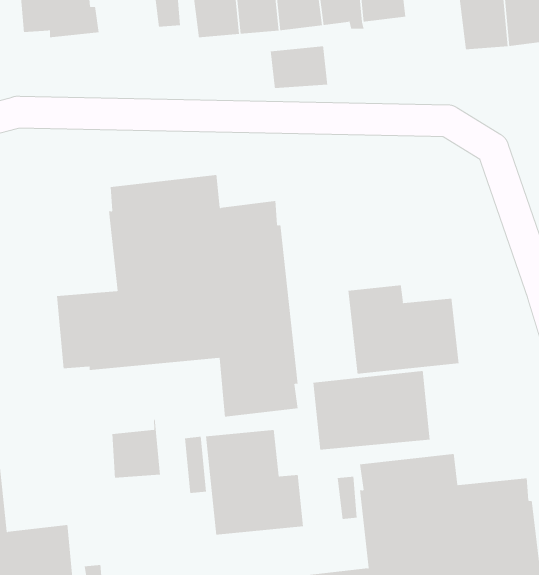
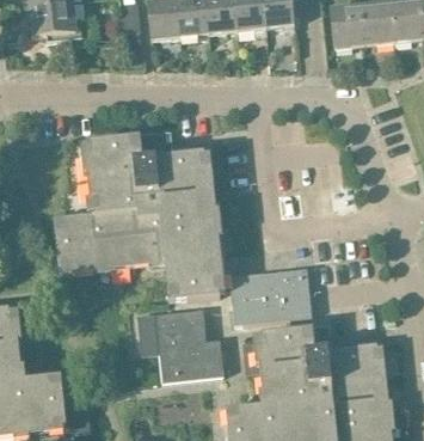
building: [270,46,328,89] -> none
building: [348,284,459,374] -> none
building: [112,419,160,479] -> none

